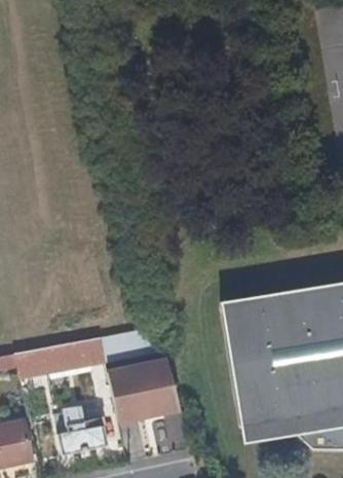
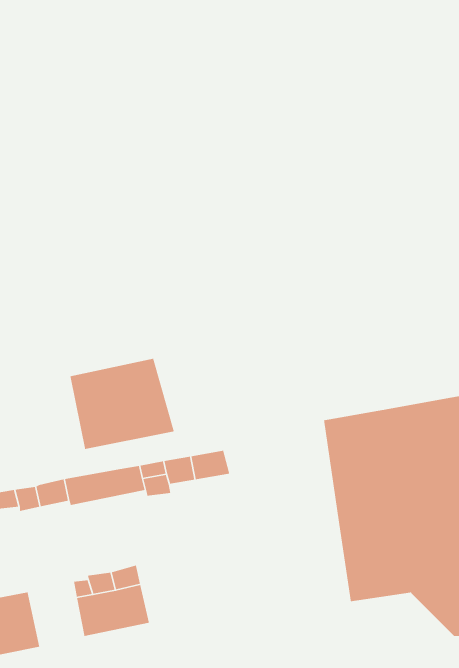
building: [107,360,179,422] -> [69,358,175,450]

